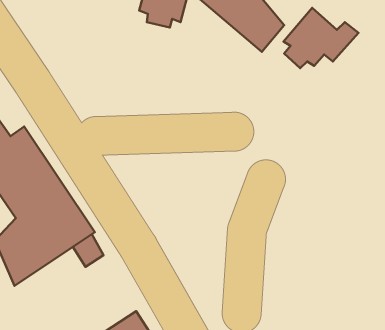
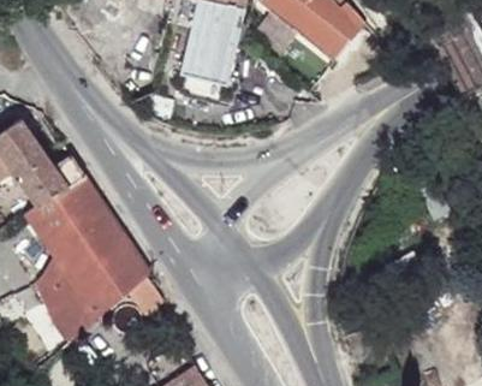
building: [284,8,359,68] -> none
building: none -> [182,19,243,89]

